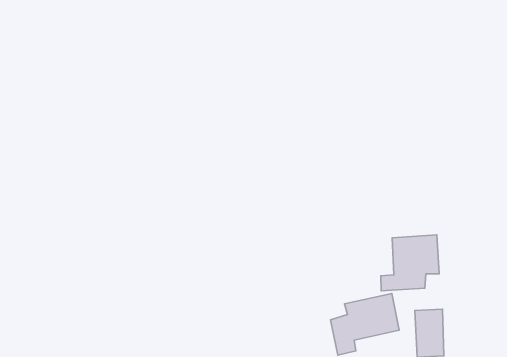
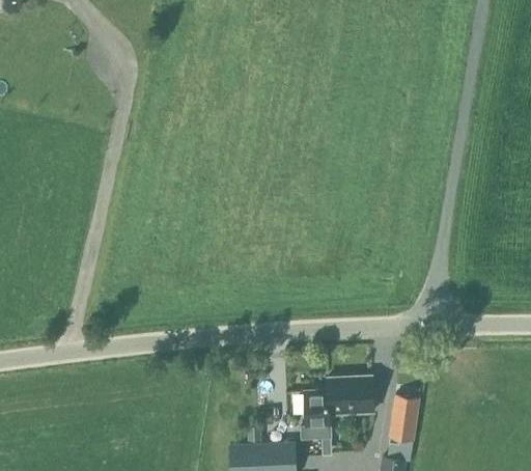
building: [381,235,439,291] -> none

